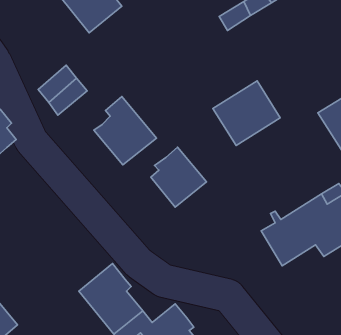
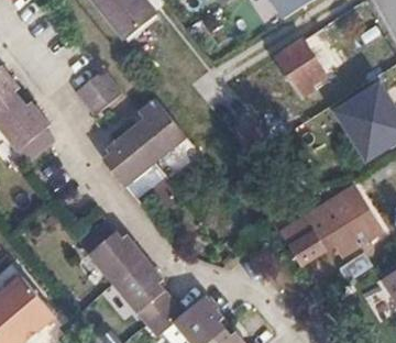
building: [213,81,280,146] -> [275,32,339,93]
building: [151,147,207,207] -> [102,131,155,188]
building: none -> [79,220,145,284]

